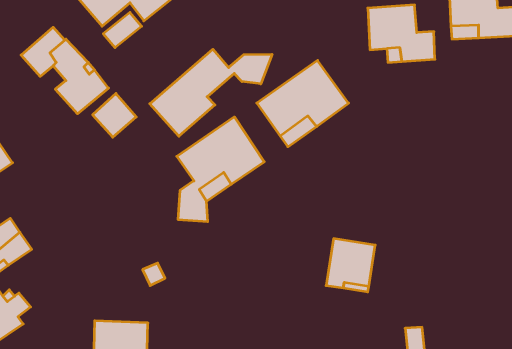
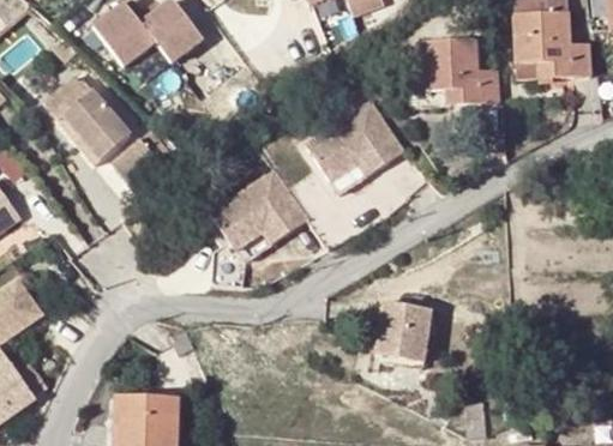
building: [150,49,272,136] -> none

